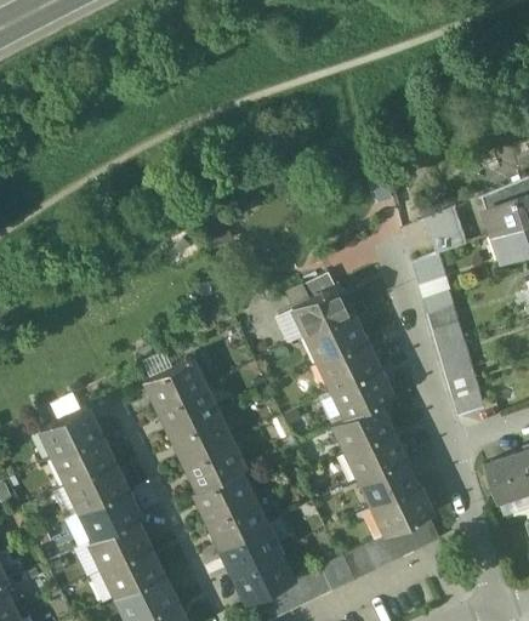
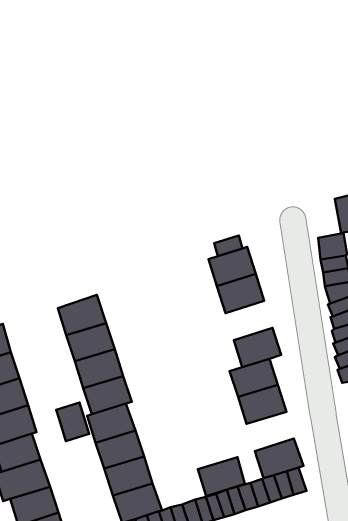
building: [324,341,377,388] -> none
building: [364,457,417,505] -> [198,457,245,496]
building: none -> [56,402,89,441]

